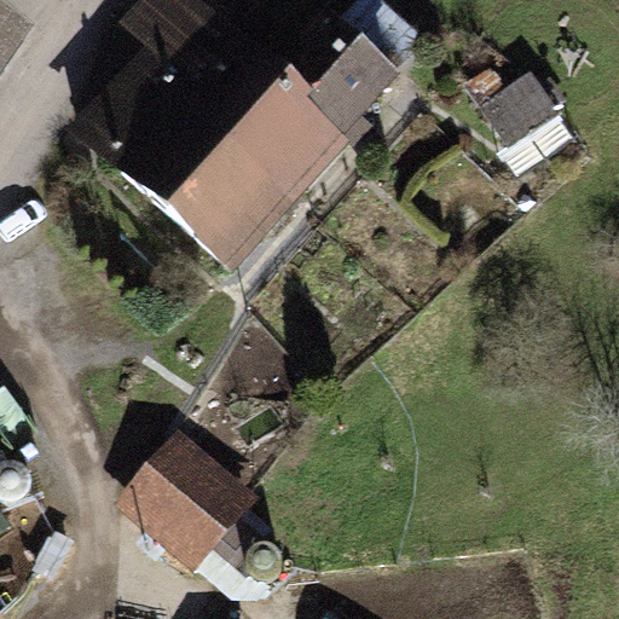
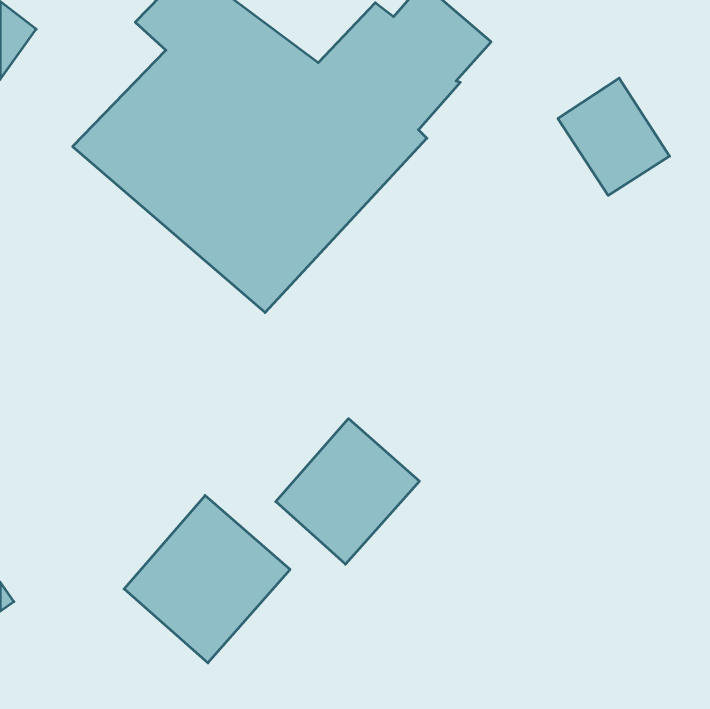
building: none -> [276,419,419,564]

